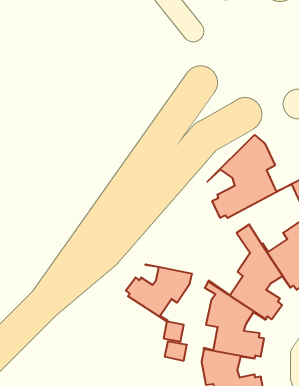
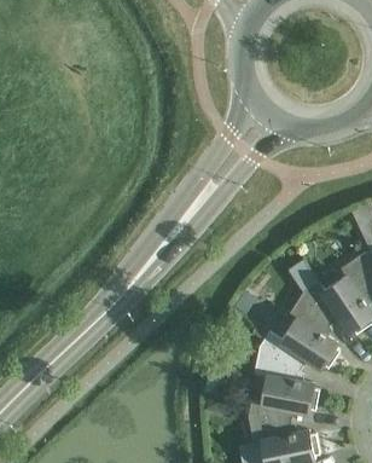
building: [207,135,292,218] -> none
building: [126,264,192,322] -> none

